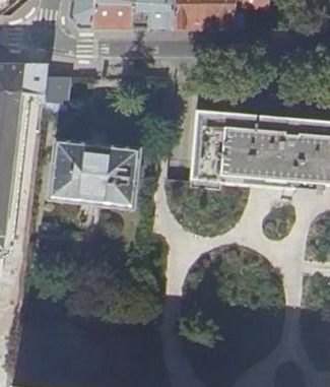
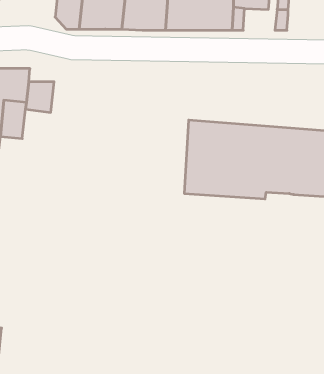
building: [48,139,139,209] -> none

